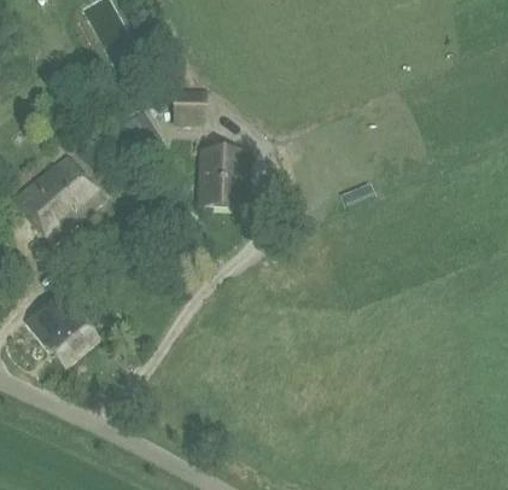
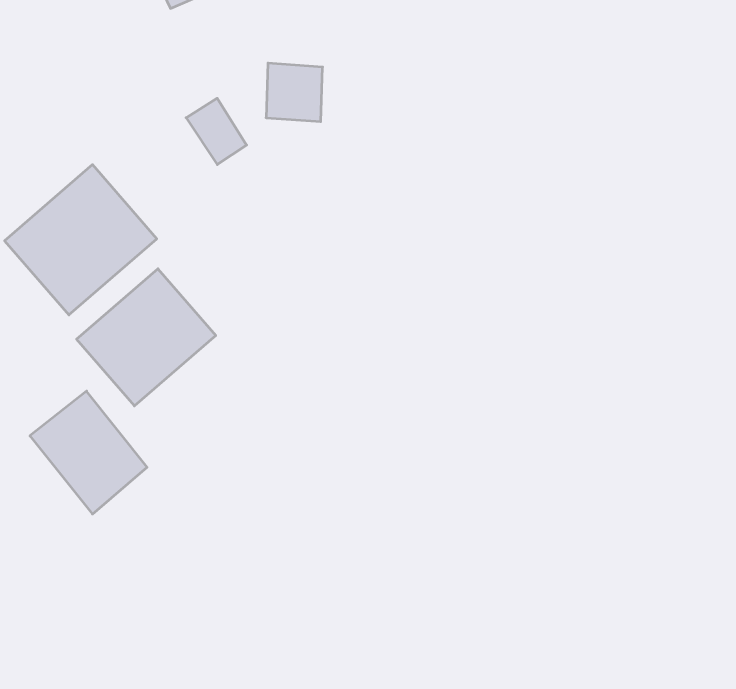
building: [198,148,243,203] -> none
building: none -> [77,269,216,406]

